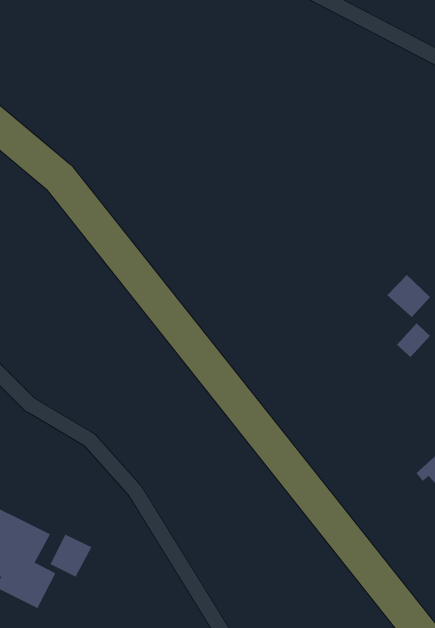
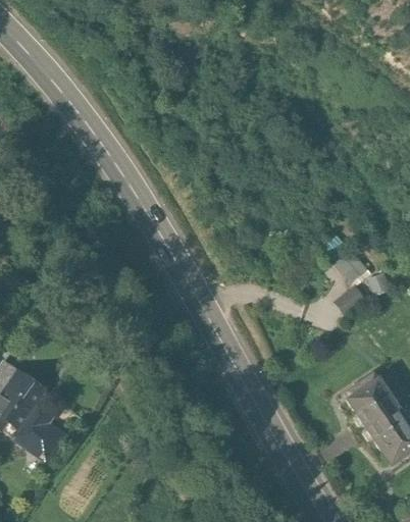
building: [50,534,92,578] -> none

